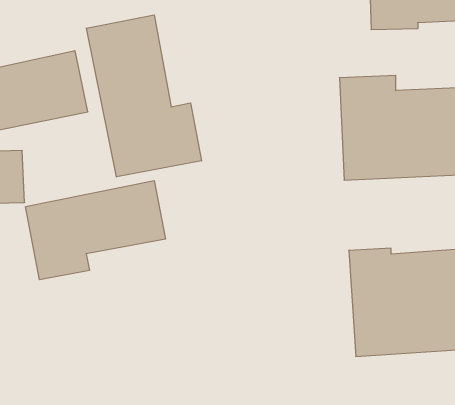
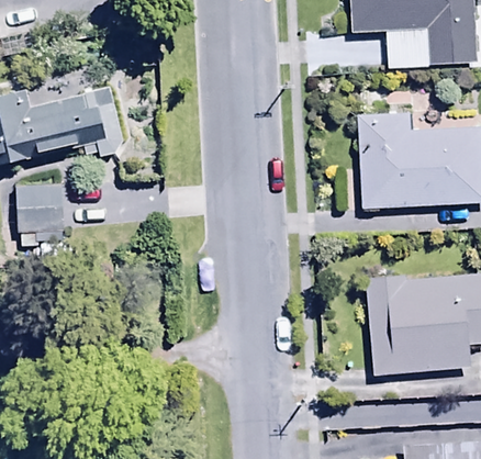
building: [86,15,201,177] -> none
building: [26,181,165,280] -> none

